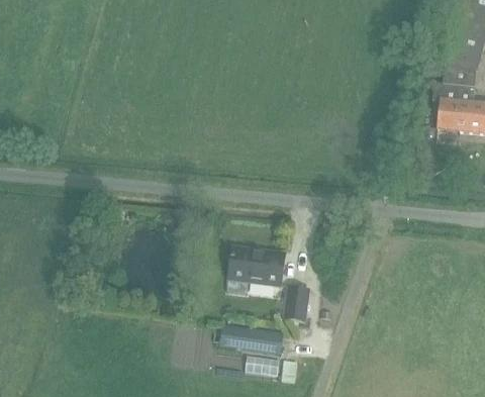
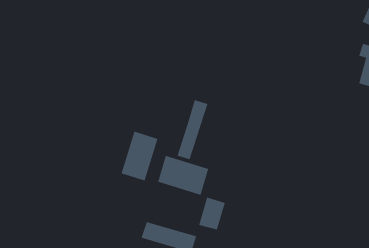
building: none -> [176,99,208,160]
building: none -> [120,130,158,182]

